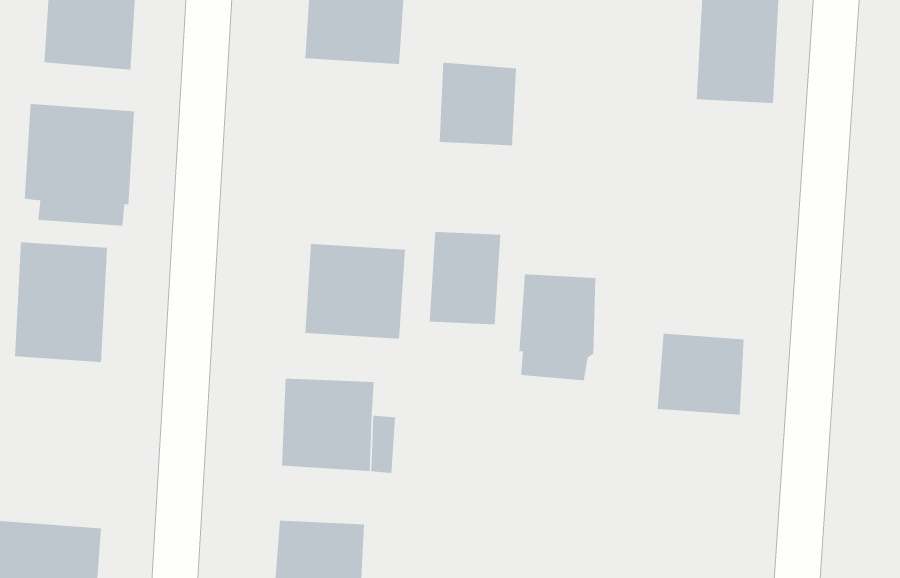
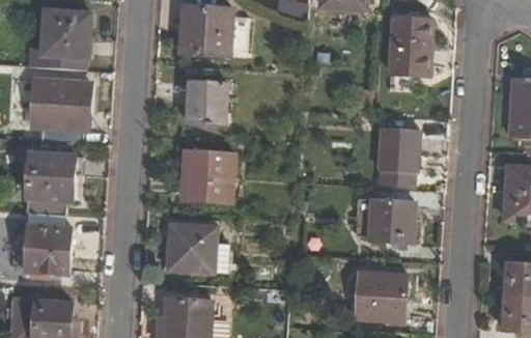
building: [439,62,517,146] -> [186,81,227,125]
building: [429,231,501,325] -> none
building: [518,274,596,381] -> [378,128,419,185]
building: none -> [25,223,71,276]
building: none -> [355,272,407,322]

